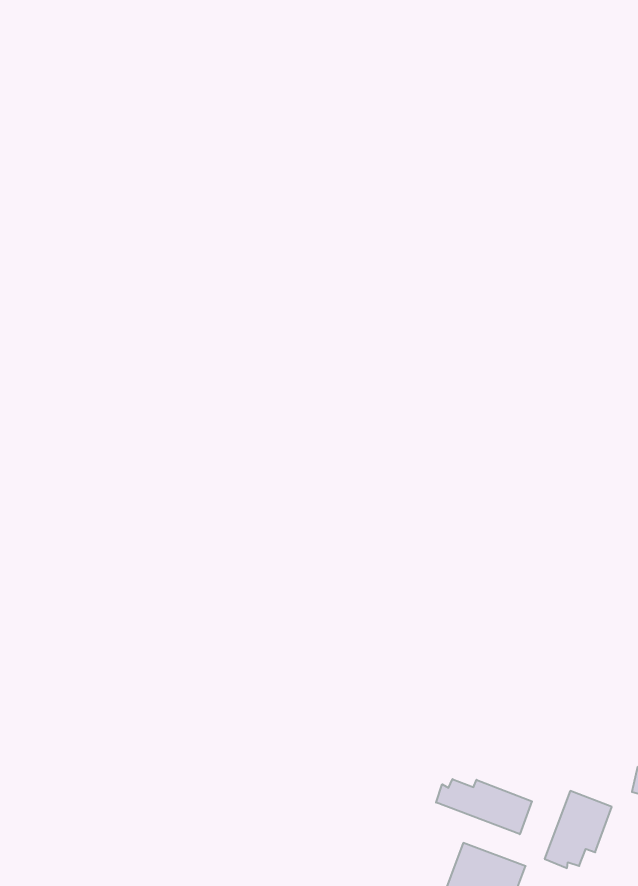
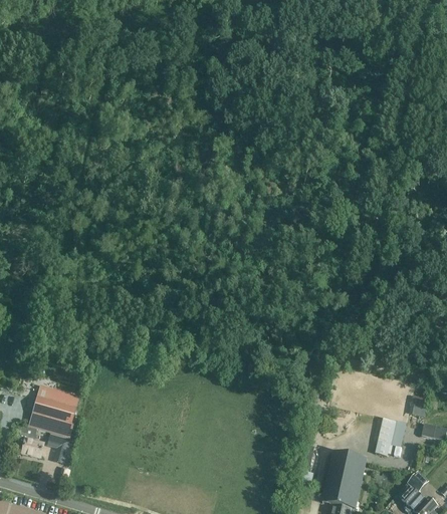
building: [436,779,532,834] -> none

